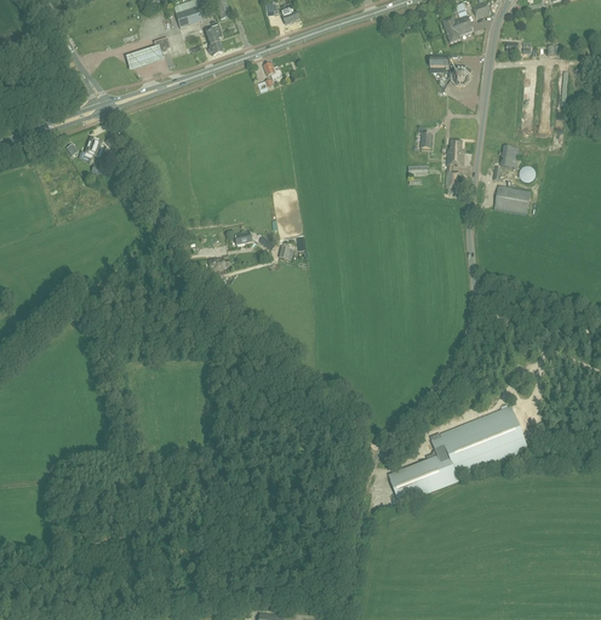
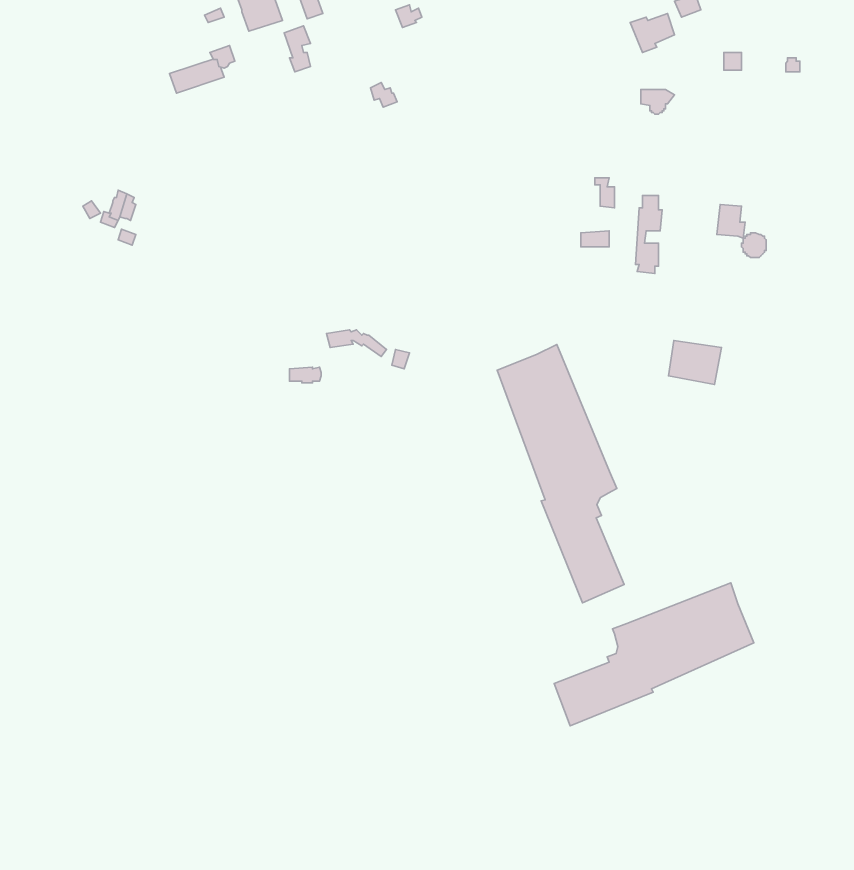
building: [493,184,530,214] -> [669,340,722,385]
building: none -> [497,345,624,603]

